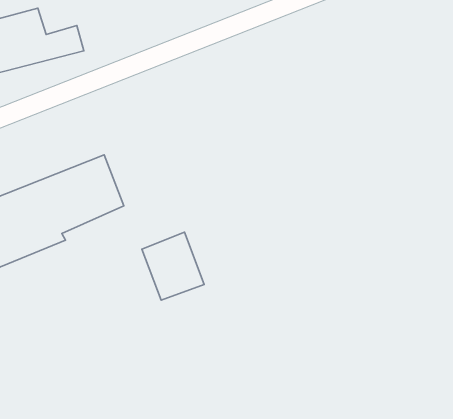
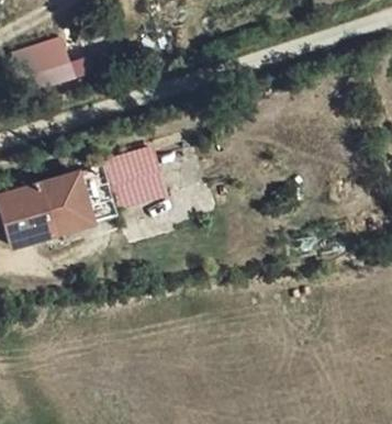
building: [142,232,204,300] -> [111,149,156,200]

